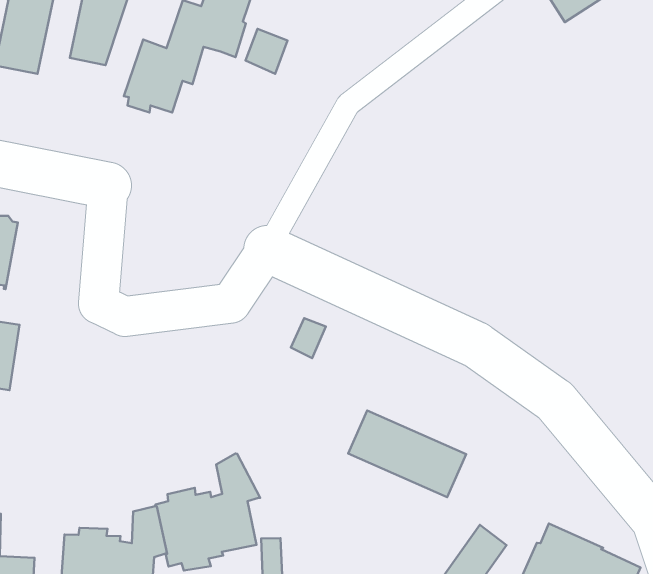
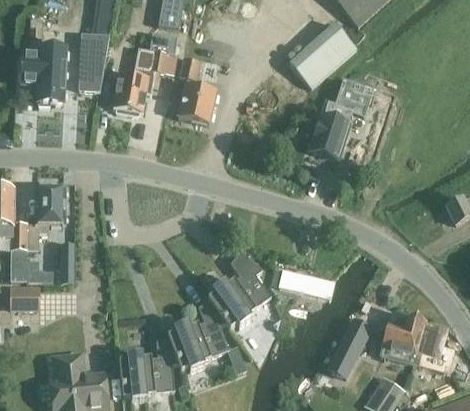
building: none -> [289,23,355,87]
building: none -> [178,82,216,123]
building: none -> [311,80,372,159]
building: none -> [207,252,270,328]

